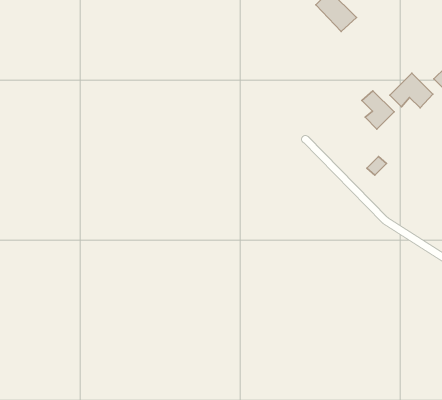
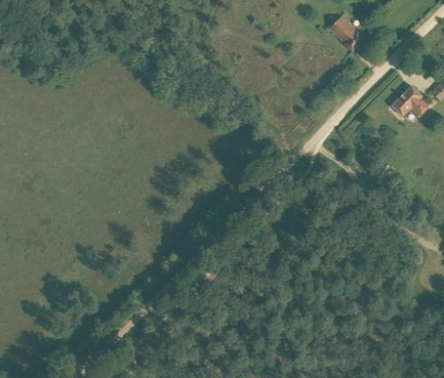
building: [362,91,394,129] -> none

